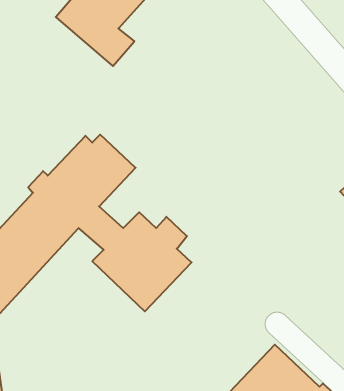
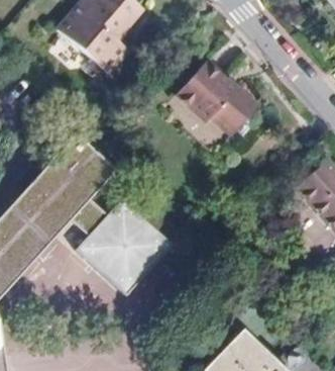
building: none -> [177,70,254,140]

